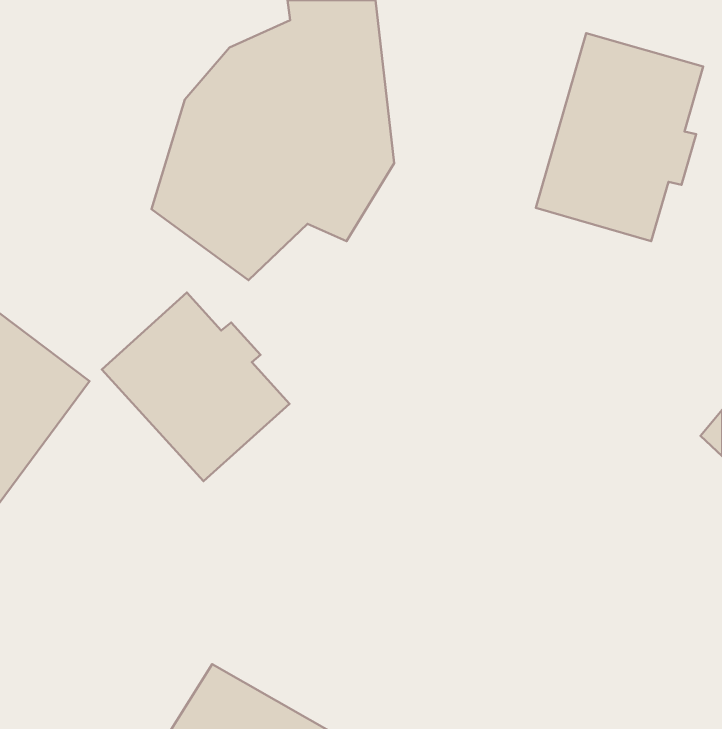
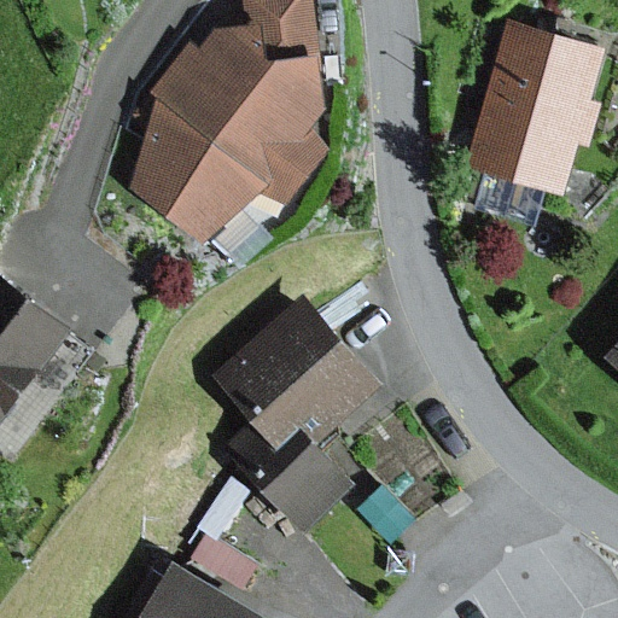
building: [102,293,290,481] -> none
building: none -> [214,296,381,525]

